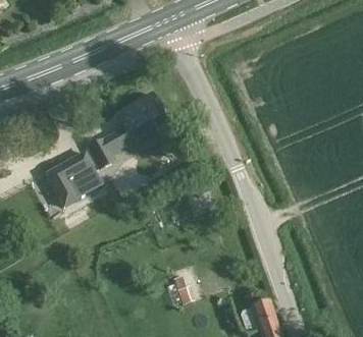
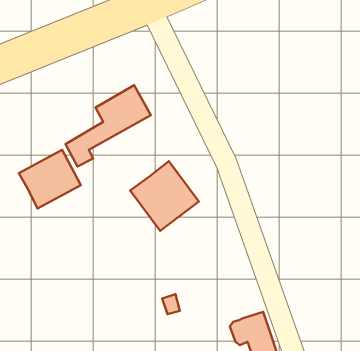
building: none -> [130,161,199,231]

